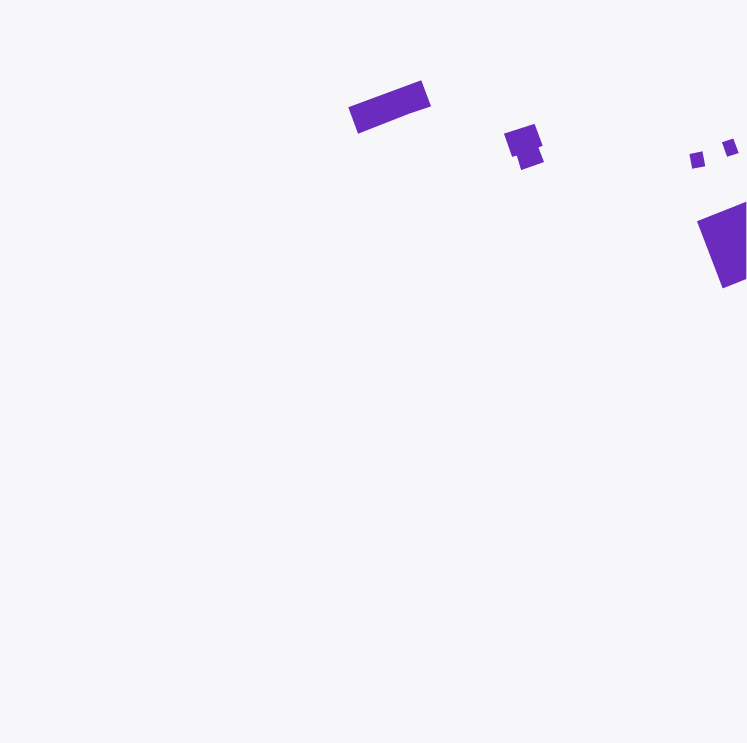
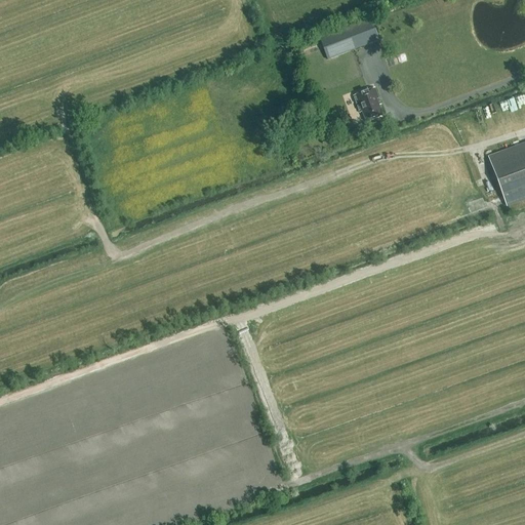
building: [347,79,432,135] -> [320,18,379,57]

